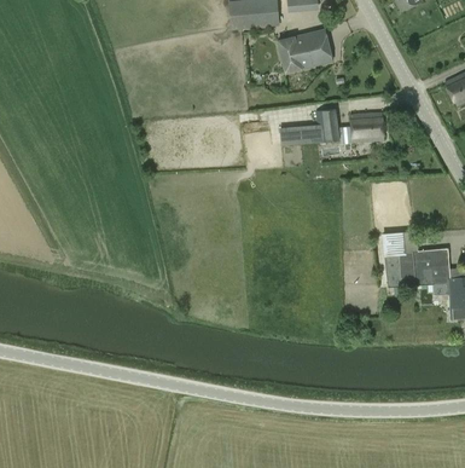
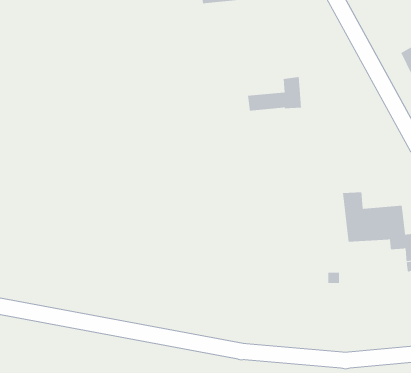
building: [278,30,333,71] -> none
building: [339,111,384,144] -> none

